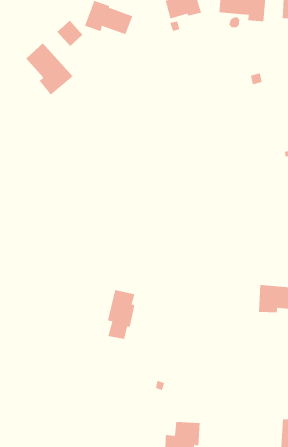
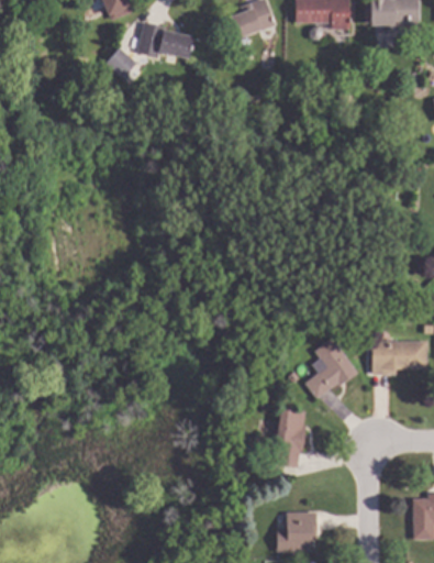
building: [25,43,73,96] -> none
building: none -> [303,338,357,398]
building: [107,290,135,340] -> [274,408,305,466]

